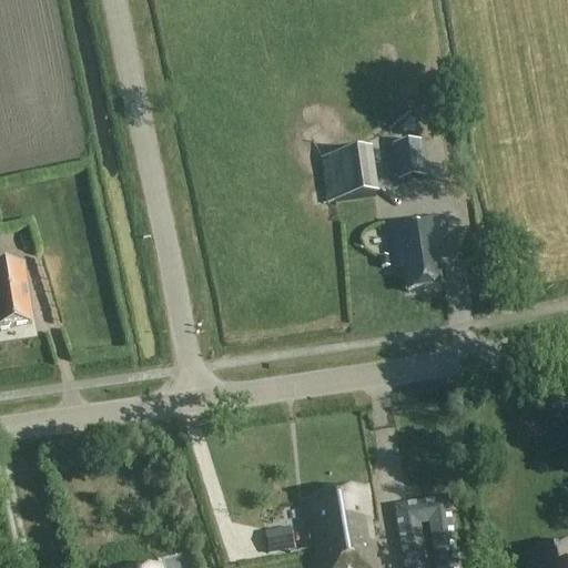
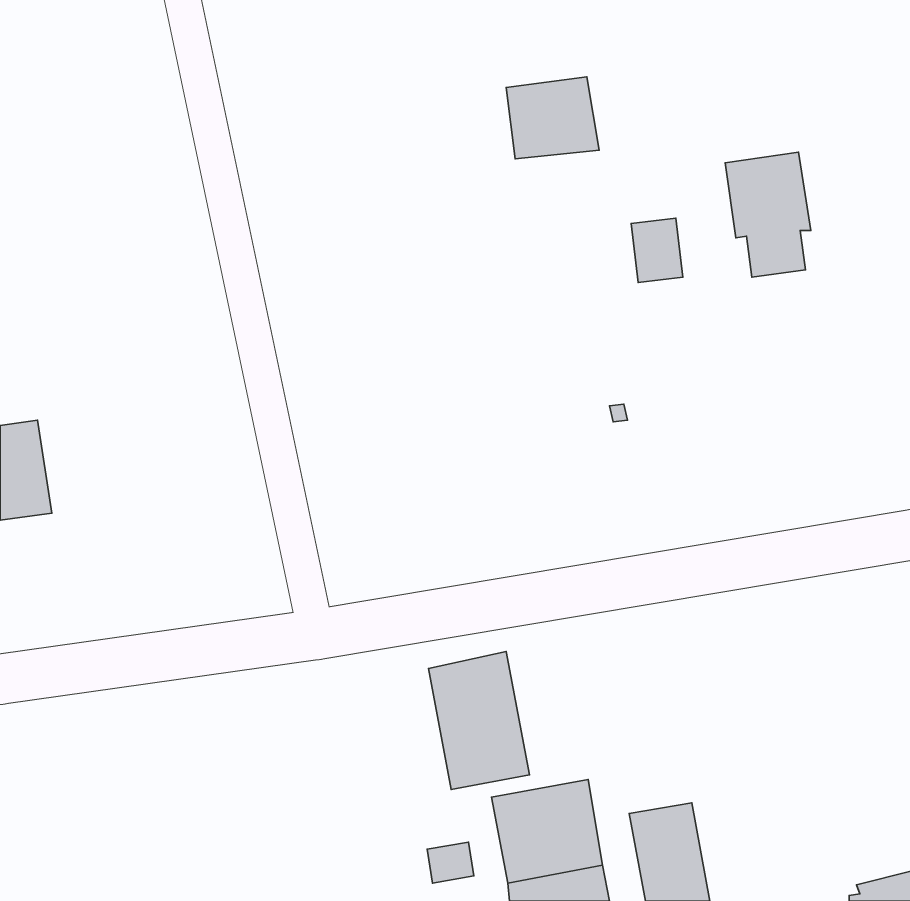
building: [322,145,379,196] -> [506,77,599,159]
building: [394,211,447,288] -> [725,152,811,277]
building: none -> [429,652,529,790]

